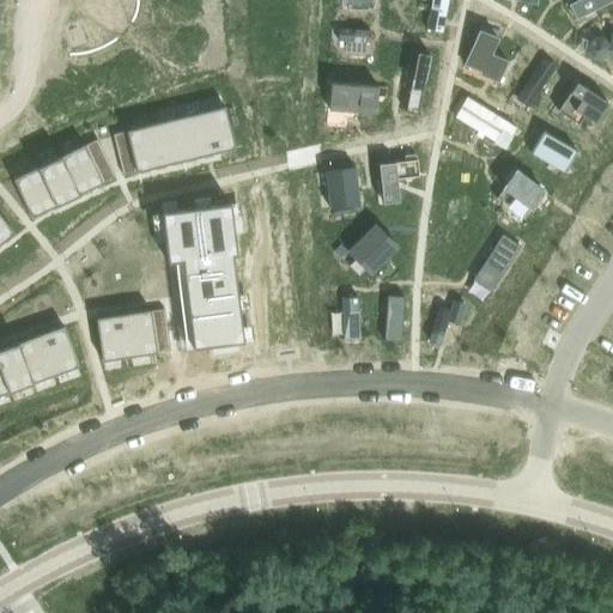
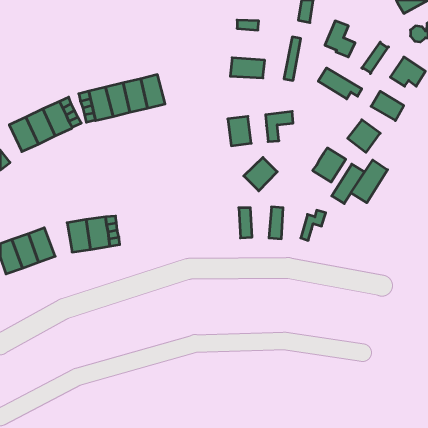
building: [162,204,243,347] -> none
building: none -> [313,148,346,182]
building: none -> [351,160,388,203]

